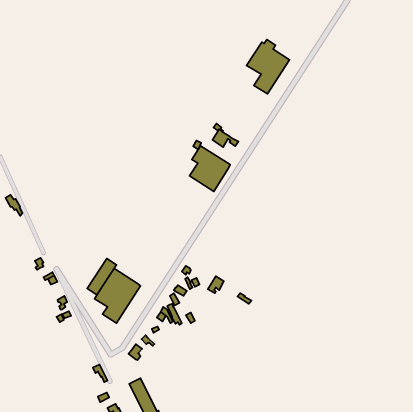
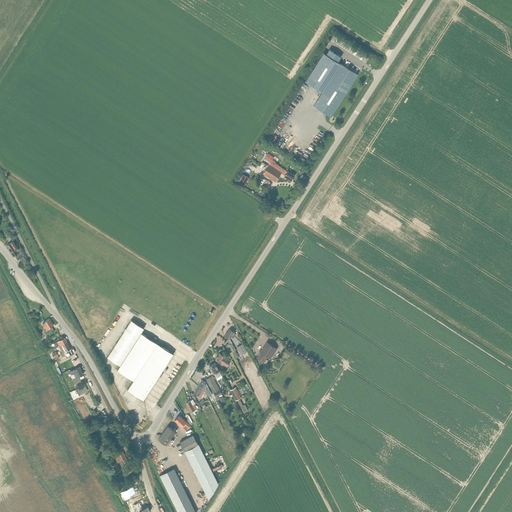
building: [190,146,230,192] -> none
building: none -> [180,436,218,500]

